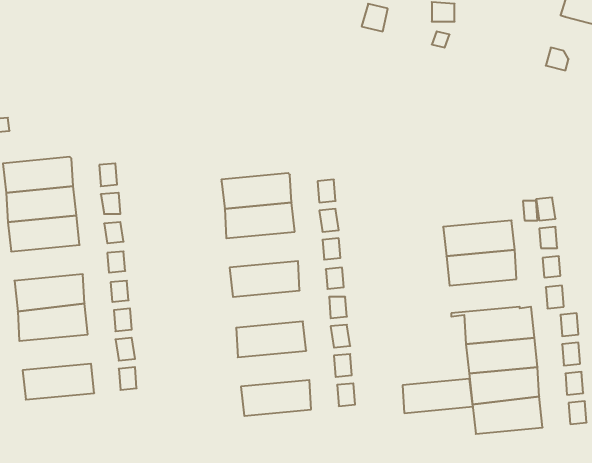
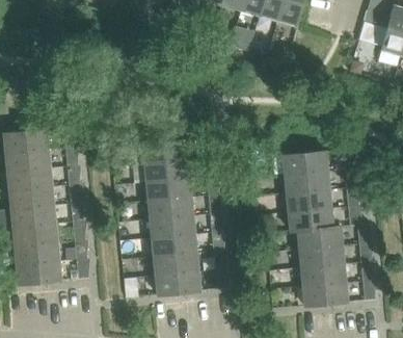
building: none -> [281,150,327,174]
building: none -> [145,177,191,200]
building: none -> [8,185,54,208]
building: none -> [150,214,194,238]
building: none -> [14,242,59,265]
building: none -> [153,253,198,276]
building: [403,379,473,413] -> [288,207,332,229]

